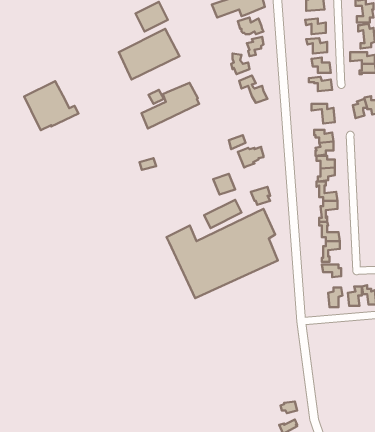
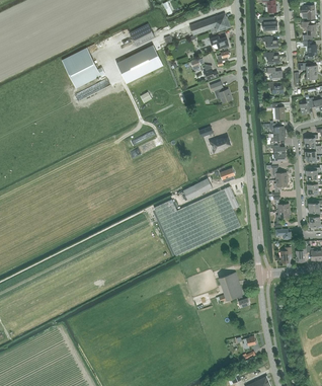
building: [24,81,78,130] -> [63,48,105,86]
building: [141,83,199,129] -> none
building: none -> [216,271,250,307]

